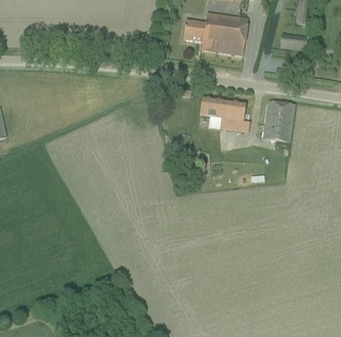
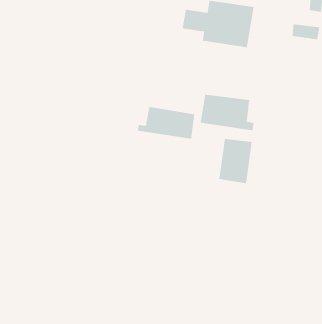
building: [263,100,294,141] -> [219,138,253,184]
building: none -> [137,106,195,139]

